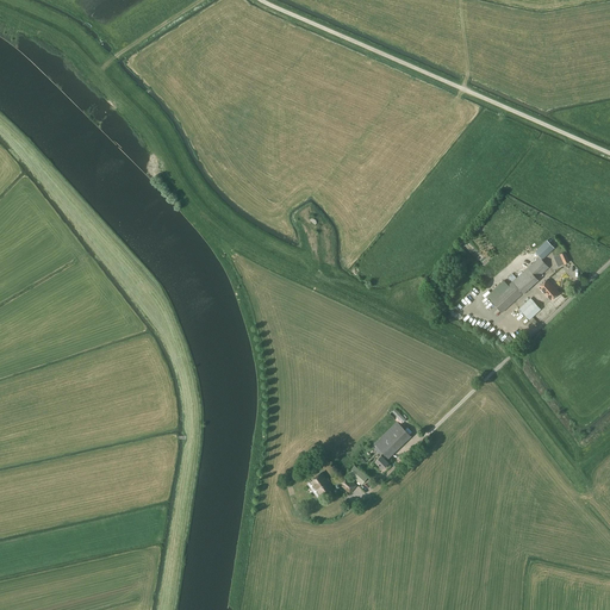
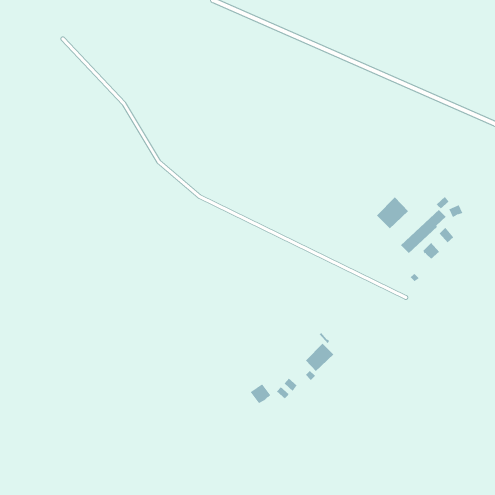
building: none -> [376,197,409,229]

